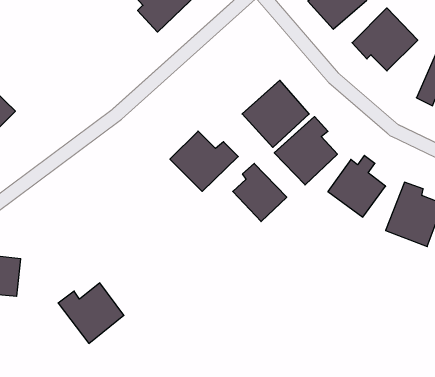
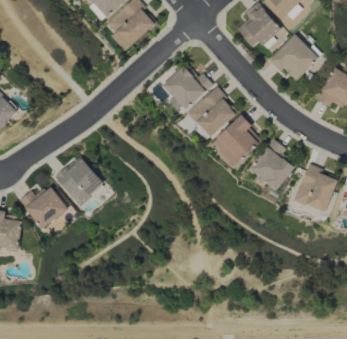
building: [170,131,238,191] -> [162,64,213,109]
building: [233,163,287,222] -> none
building: none -> [54,155,104,205]
building: [58,283,124,343] -> [19,184,68,229]

